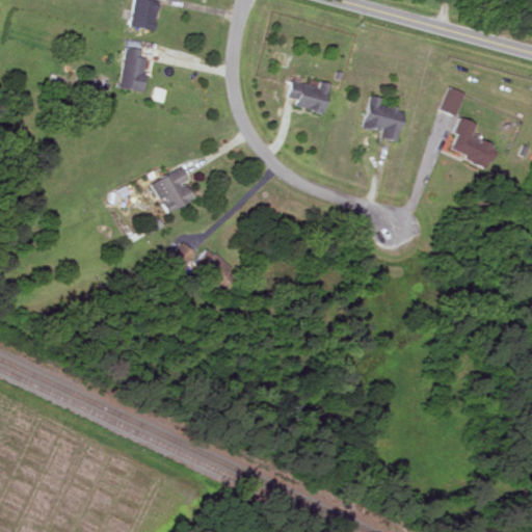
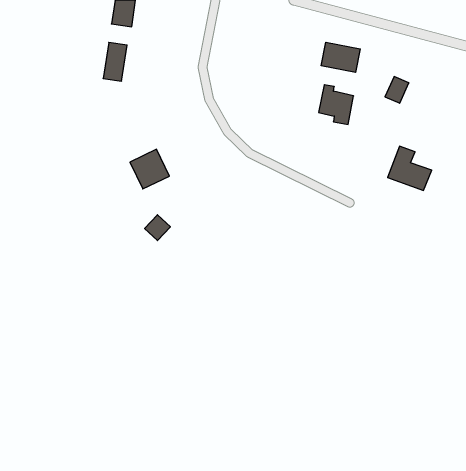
building: none -> [321,42,360,72]
building: [287,81,331,112] -> none
building: [447,117,497,167] -> [388,146,432,190]

